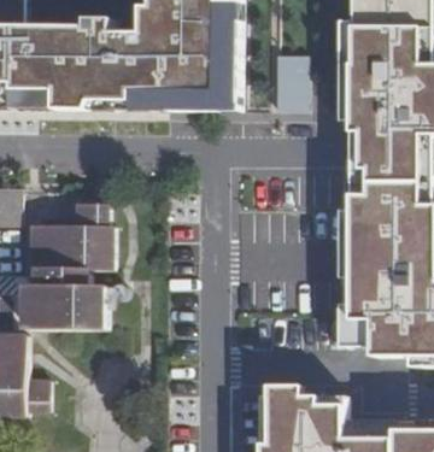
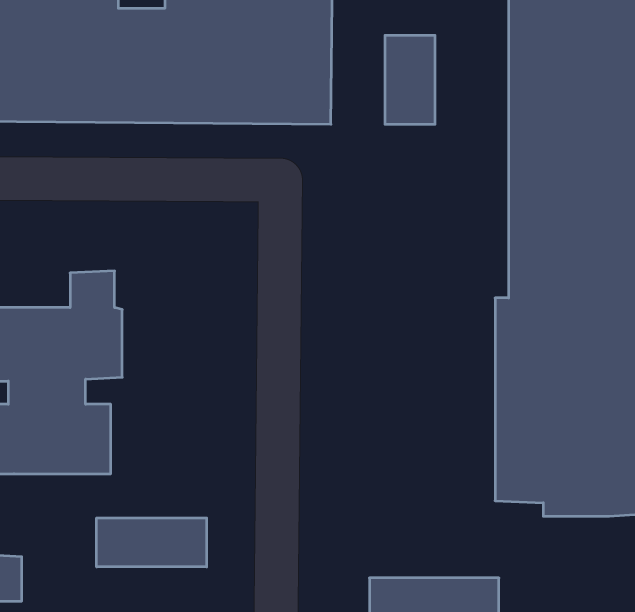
building: none -> [97,518,207,567]

